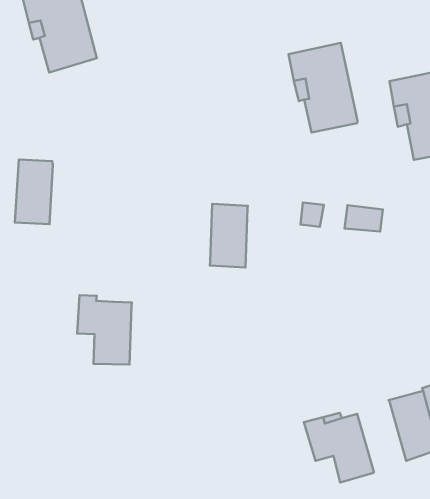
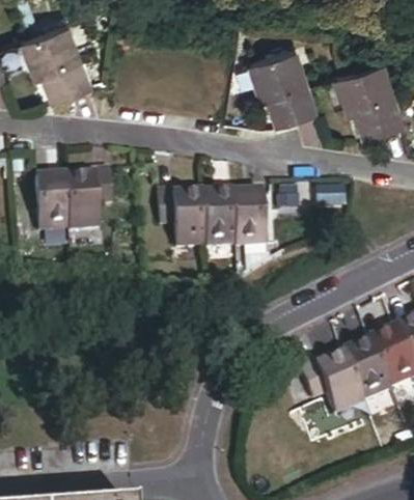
building: none -> [64,169,111,229]
building: none -> [231,192,265,246]
building: [77,295,132,364] -> [157,189,205,246]
building: none -> [342,341,389,401]

